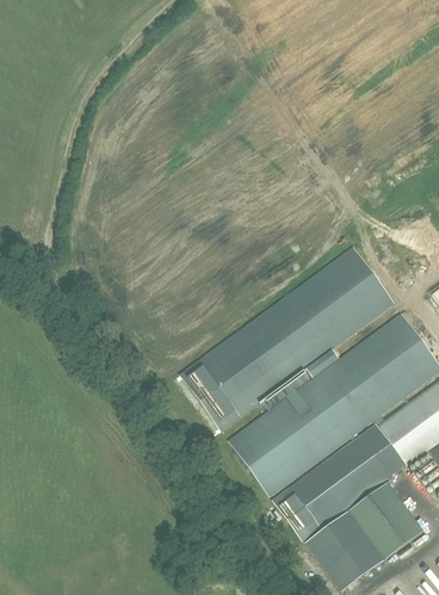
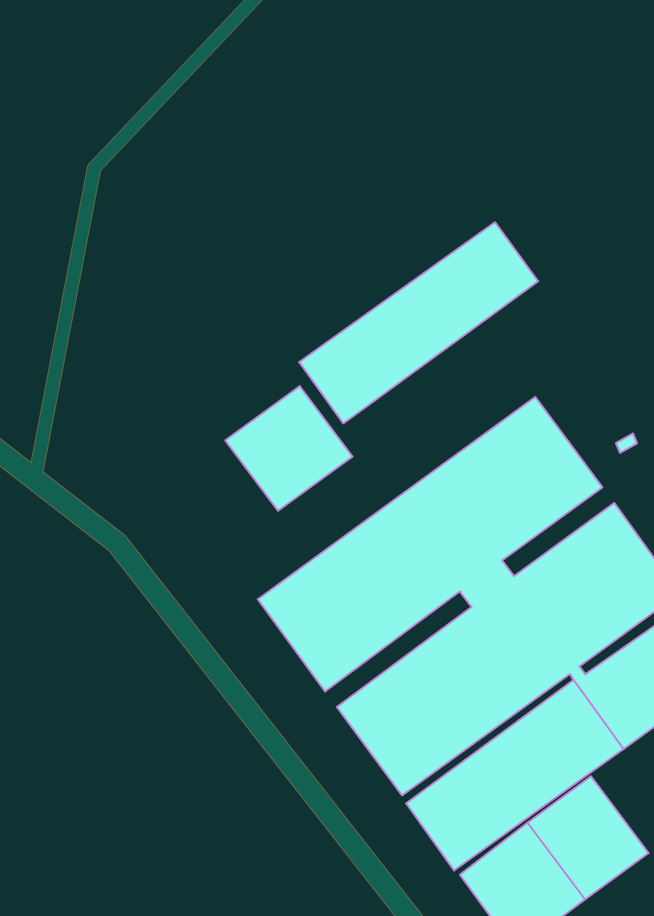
building: none -> [299,222,538,423]
building: none -> [225,386,353,511]

